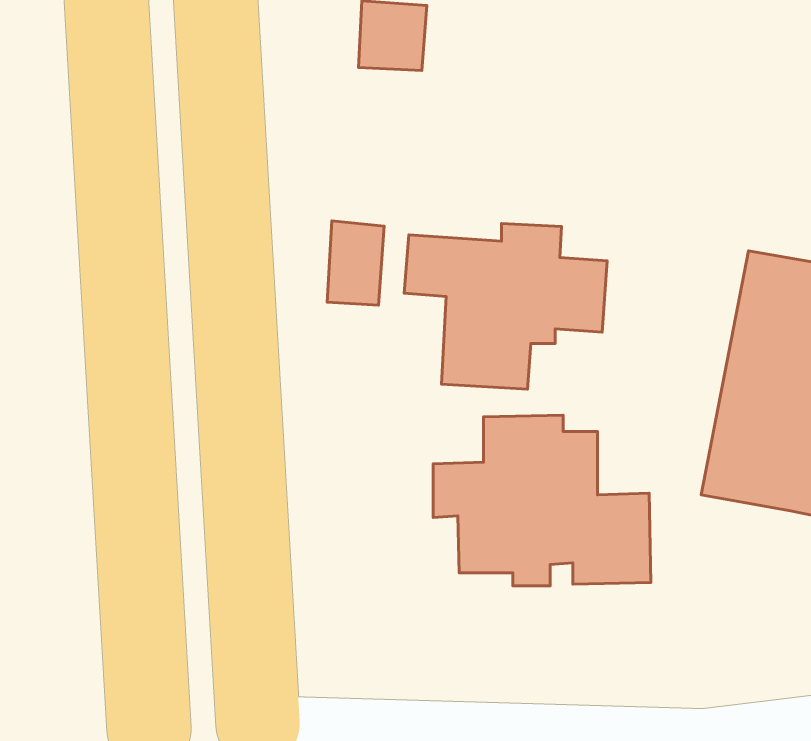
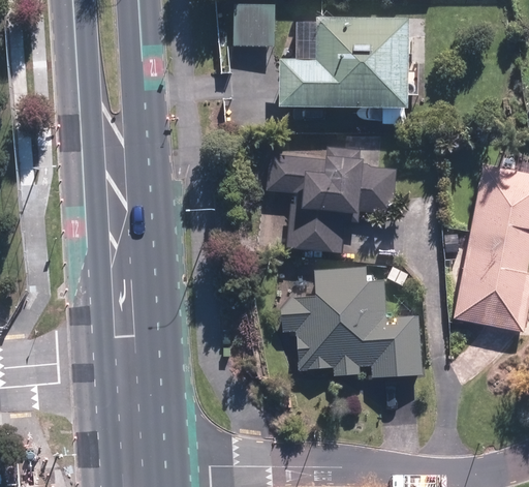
building: none -> [278,17,411,125]
building: [327,221,384,305] -> none

